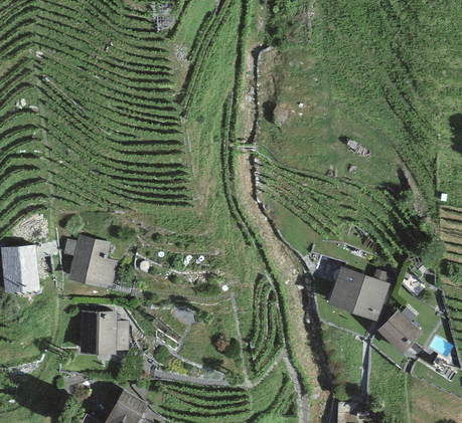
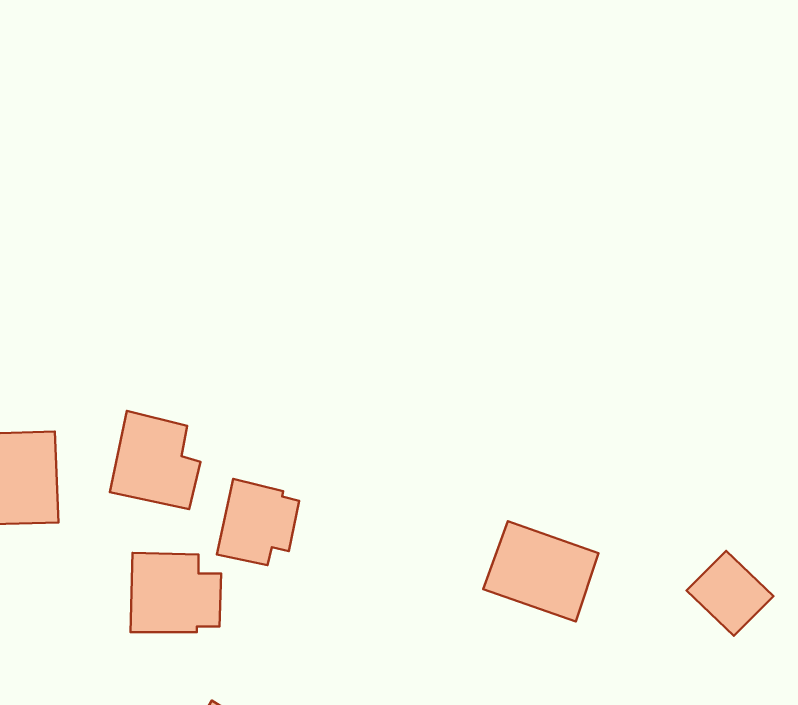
building: [327,266,389,320] -> [483,521,598,621]
building: none -> [217,479,299,565]

